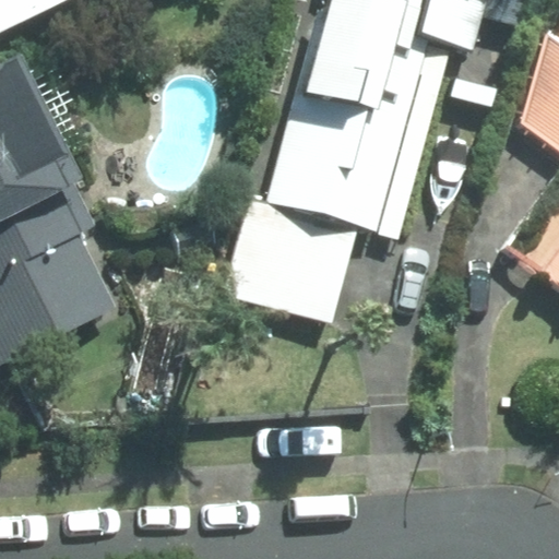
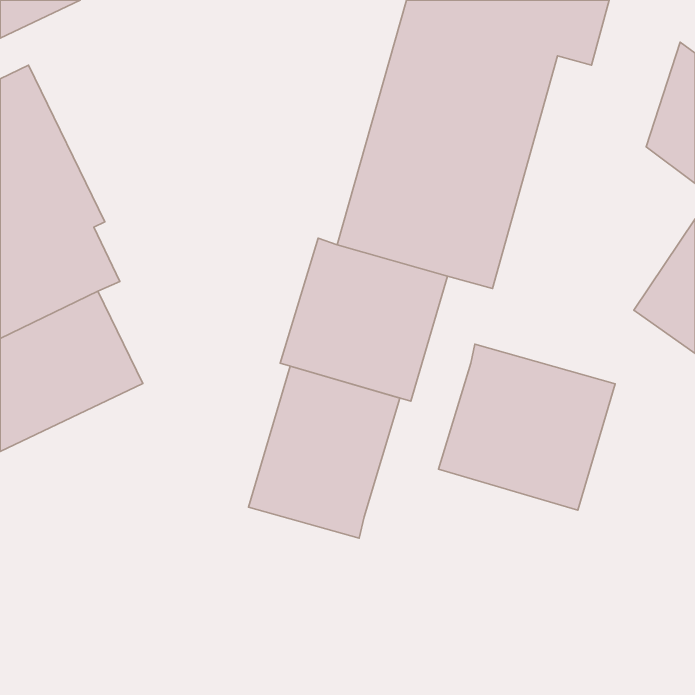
building: none -> [438,344,615,510]
building: none -> [249,366,400,538]

